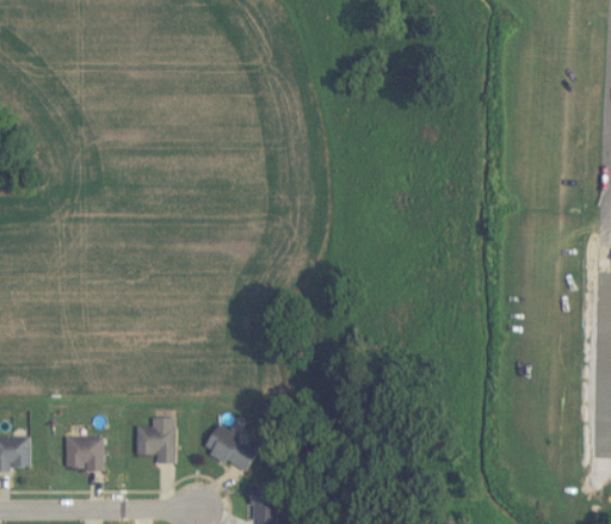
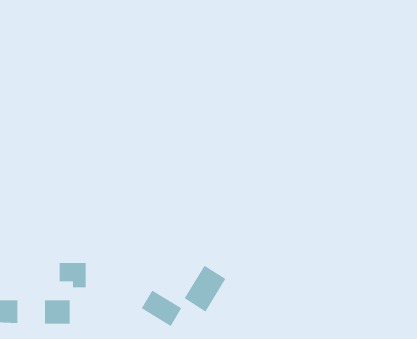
building: none -> [184,265,226,312]
building: [135,426,174,462] -> [59,263,86,288]

